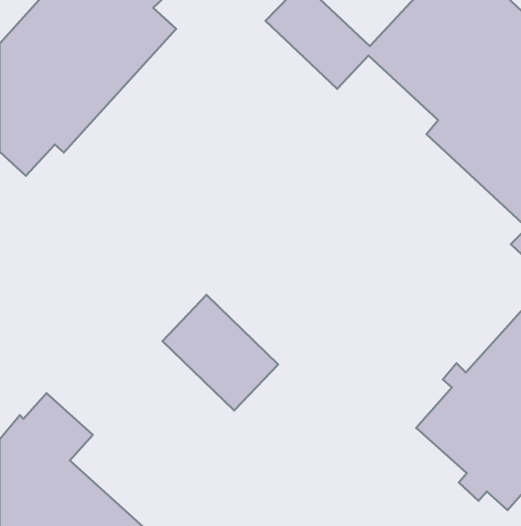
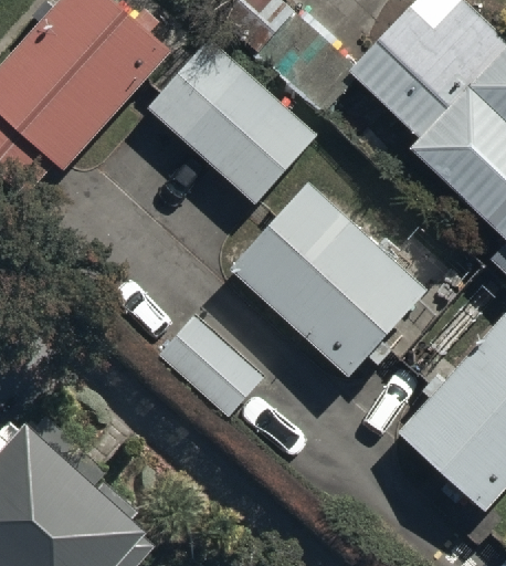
building: none -> [148,34,318,202]
building: none -> [230,184,423,376]

